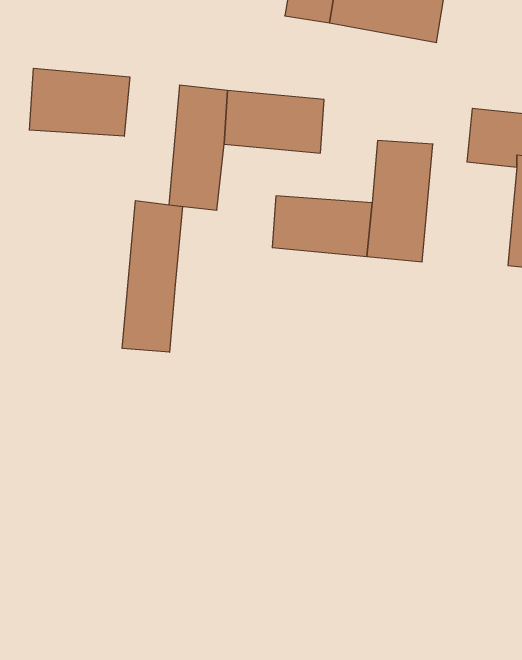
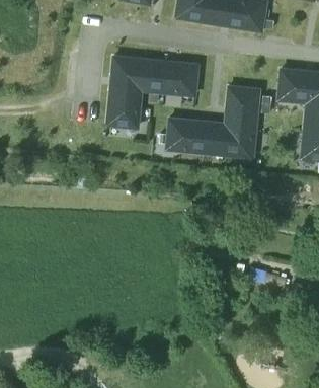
building: [29,68,130,136] -> none
building: [122,201,182,352] -> none

